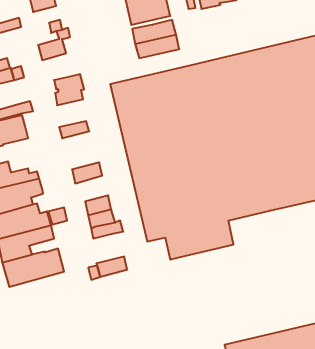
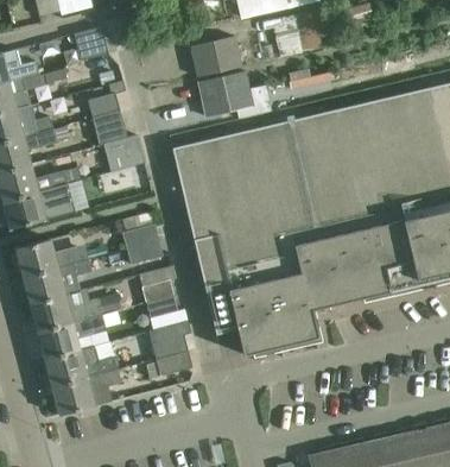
building: none -> [91,111,127,144]
building: none -> [122,213,159,248]
building: none -> [148,322,190,360]
building: none -> [52,370,121,416]

